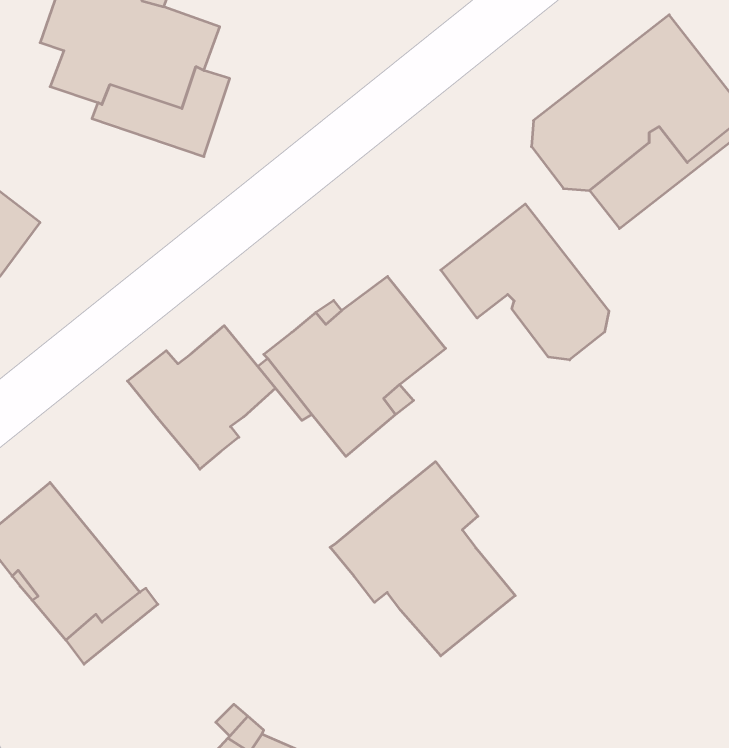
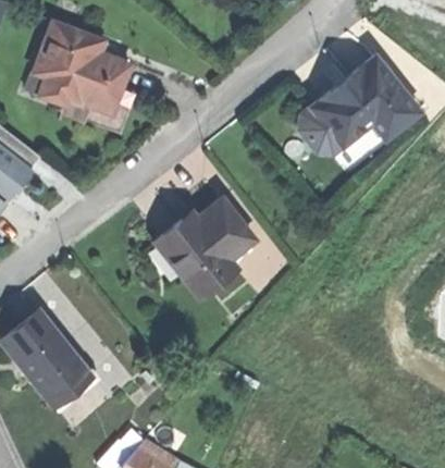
building: [441,204,609,360] -> none
building: [127,326,275,469] -> none
building: [330,462,515,656] -> none

